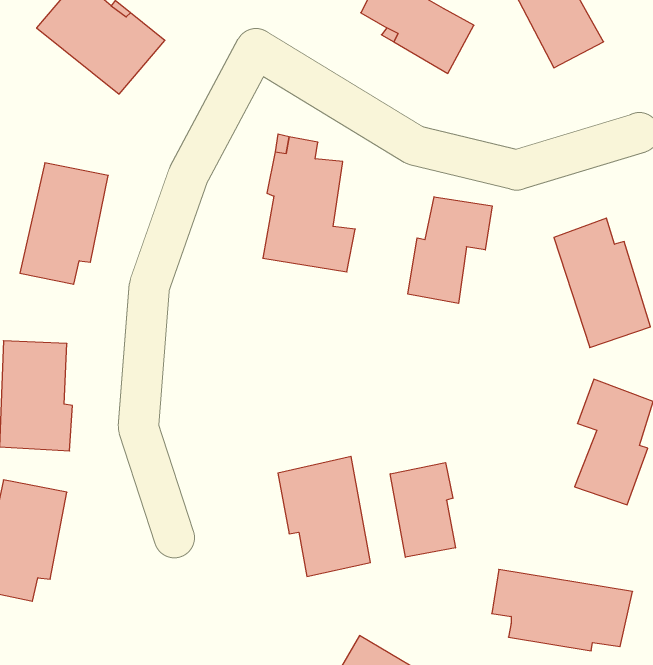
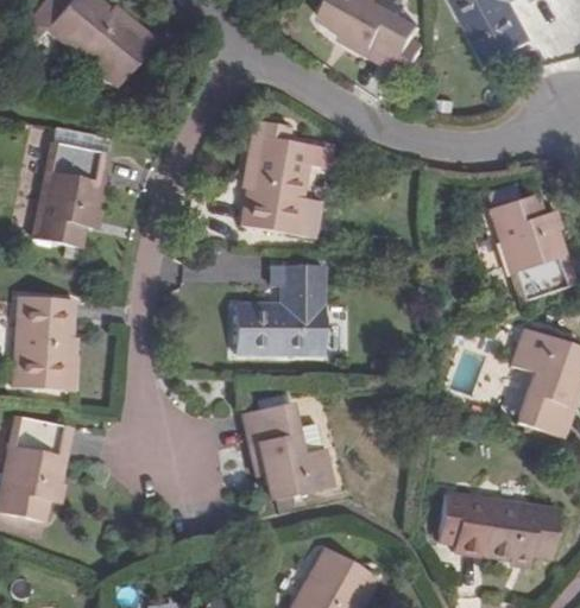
building: [408,197,492,303] -> none
building: none -> [237,267,328,356]
building: [390,463,455,557] -> none

